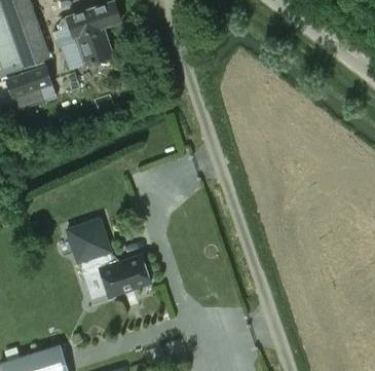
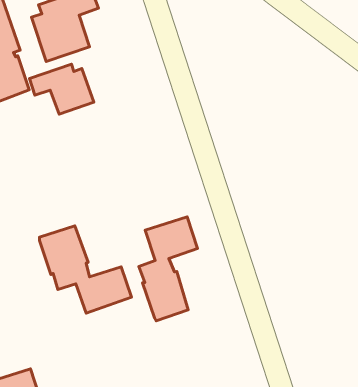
building: none -> [29,64,94,114]
building: none -> [139,217,198,321]

